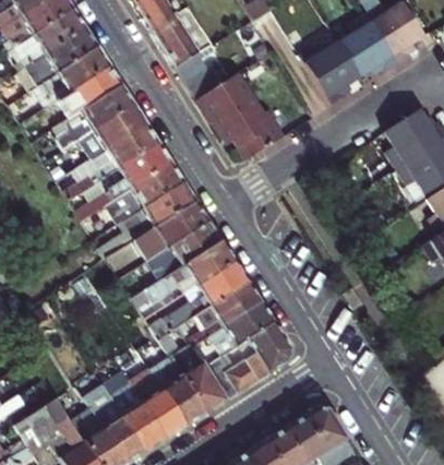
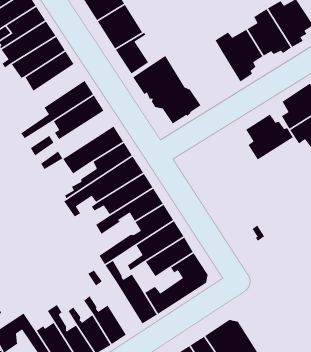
building: [65,84,134,145] -> none
building: [101,143,171,199] -> none
building: none -> [245,114,294,160]
building: [151,360,207,427] -> none

